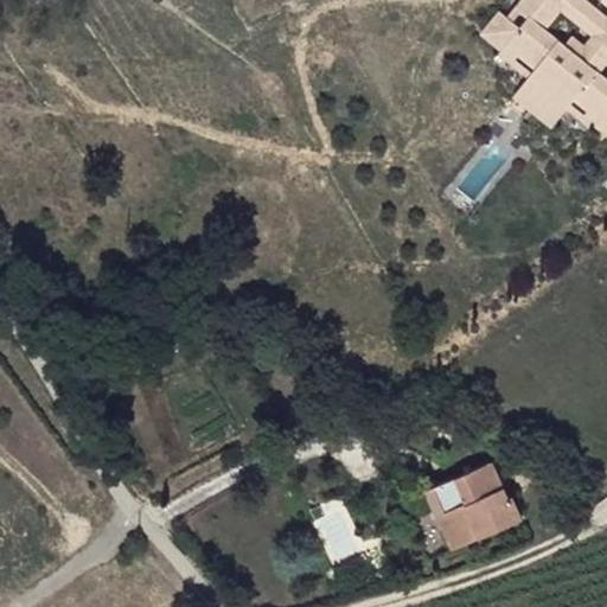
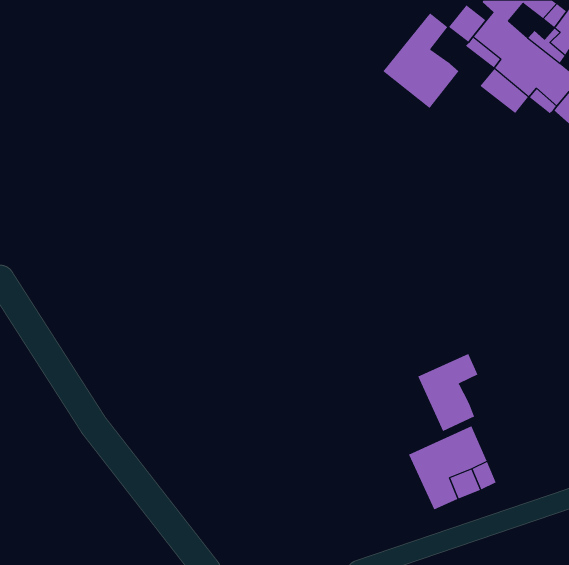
building: none -> [383,12,459,109]
building: none -> [417,353,478,432]

